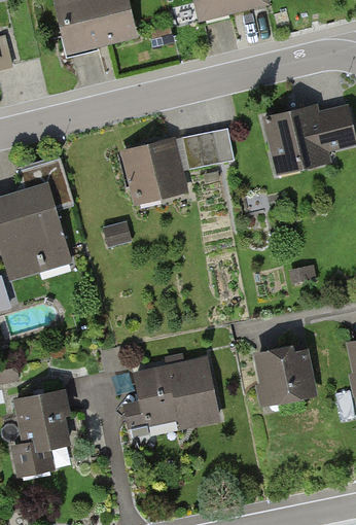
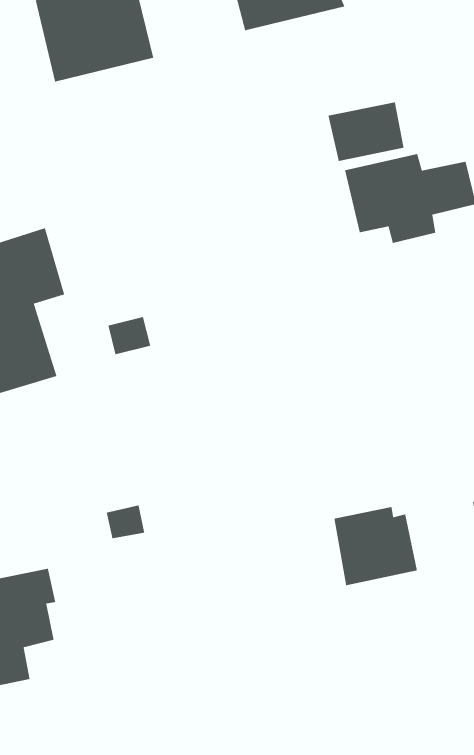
building: [182,128,235,169] -> [328,102,405,162]
building: [126,140,182,196] -> none
building: [126,359,219,436] -> none

